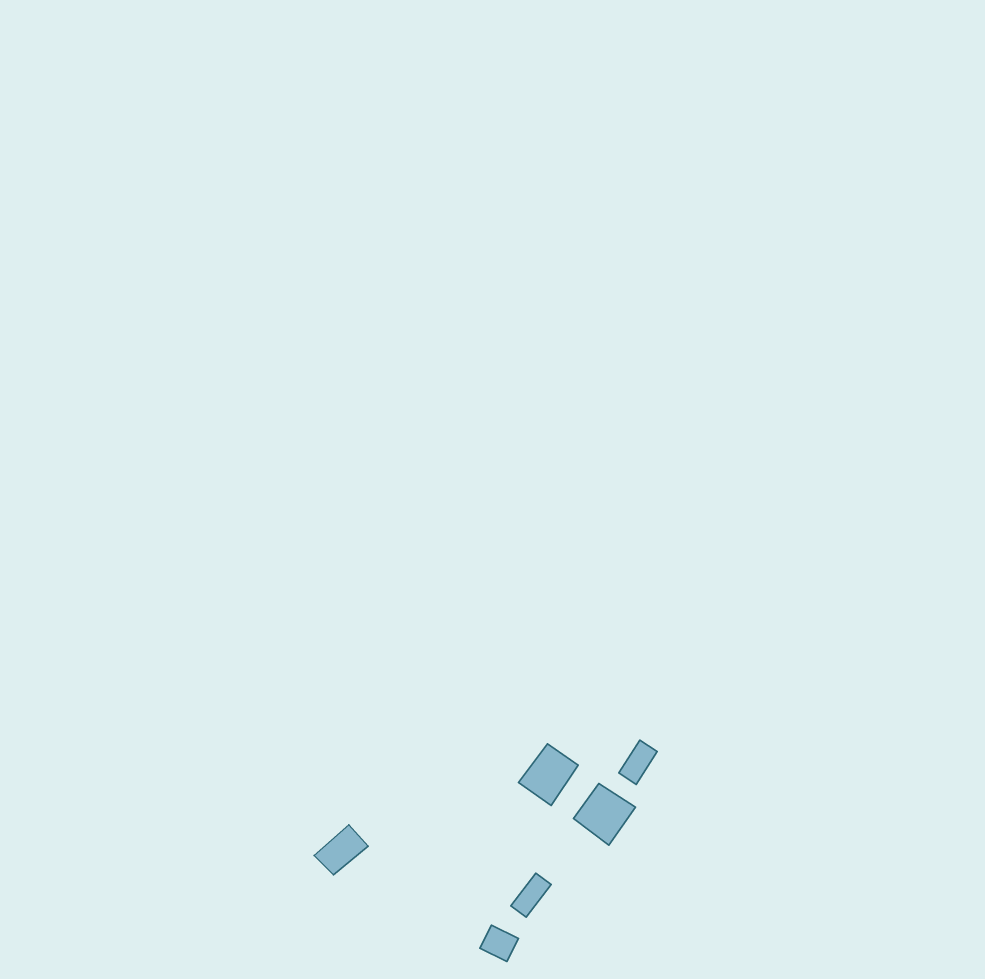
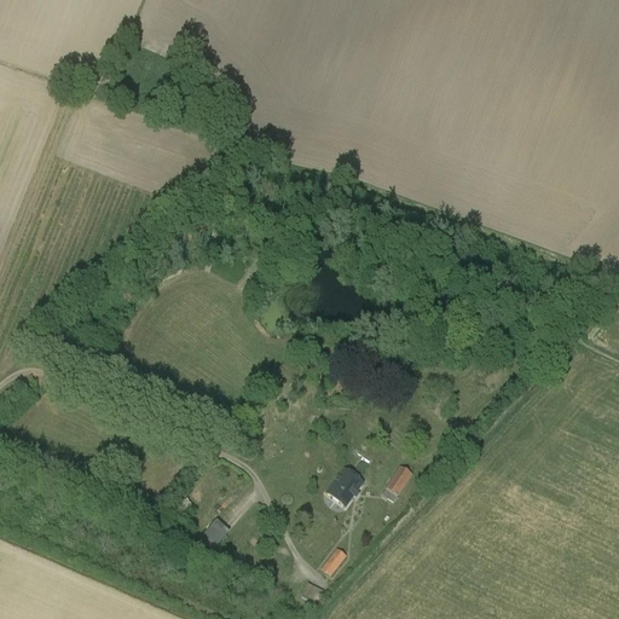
building: [573,783,635,845] -> none

